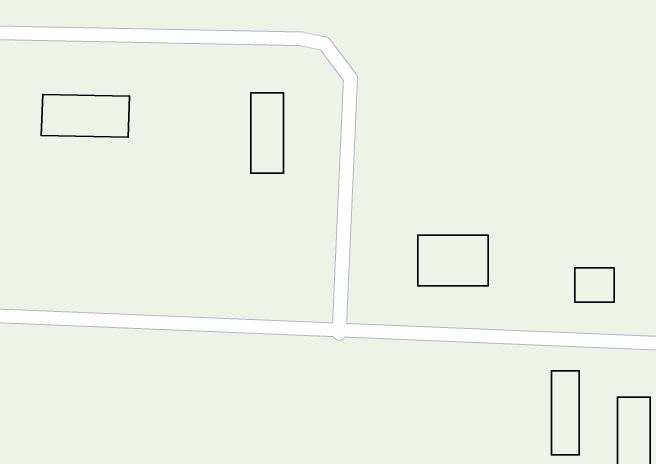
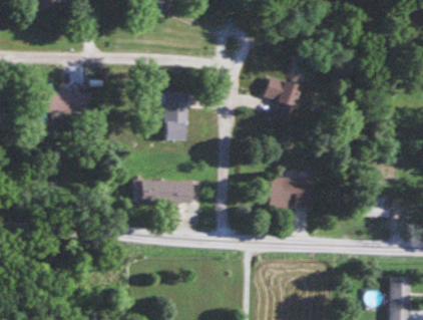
building: none -> [263,76,301,122]
building: none -> [141,181,193,205]
building: [551,371,579,455] -> none

